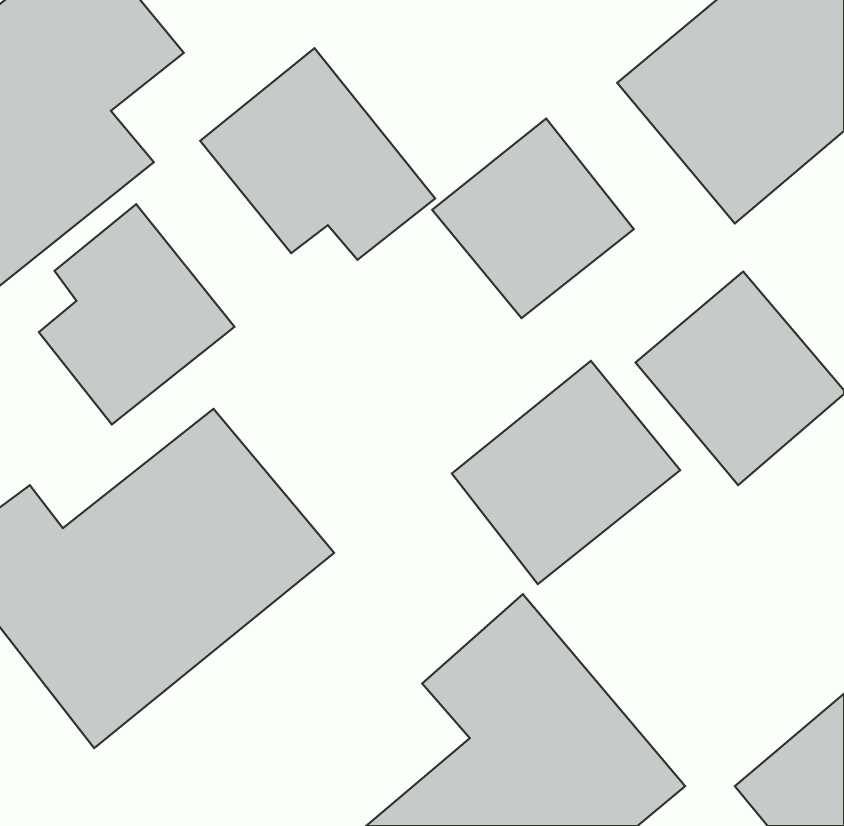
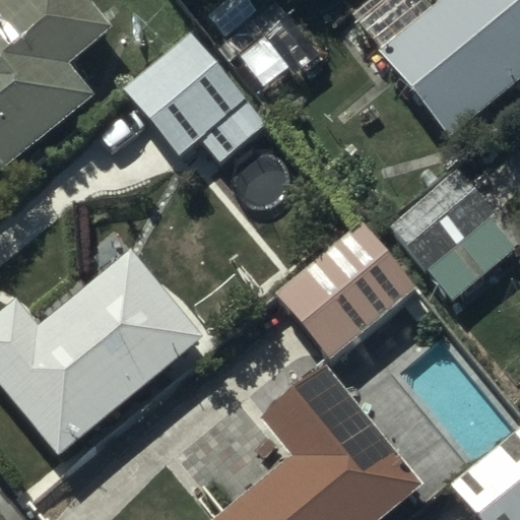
building: [432,118,634,318] -> none
building: [39,204,235,424] -> none

